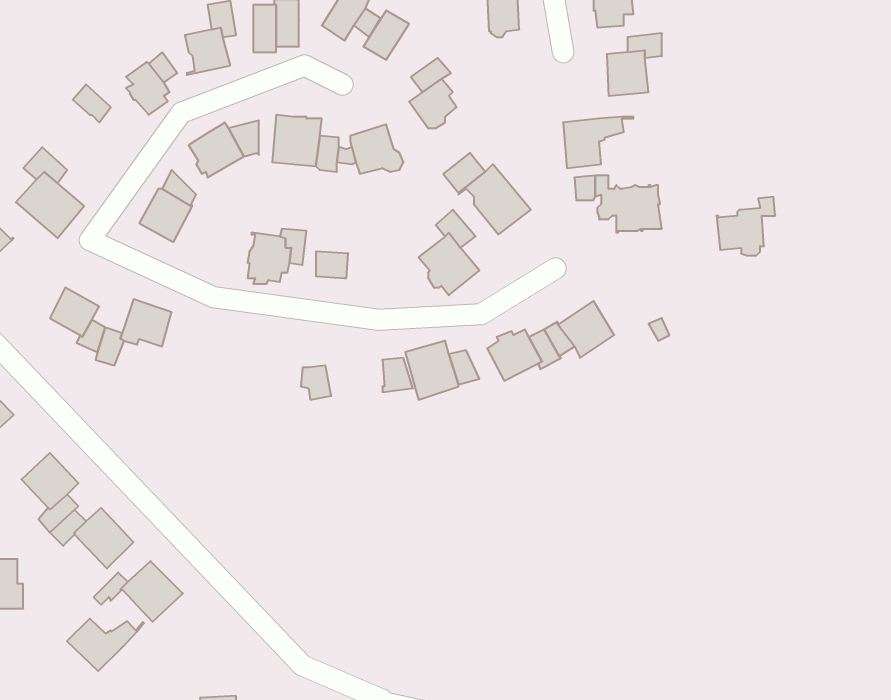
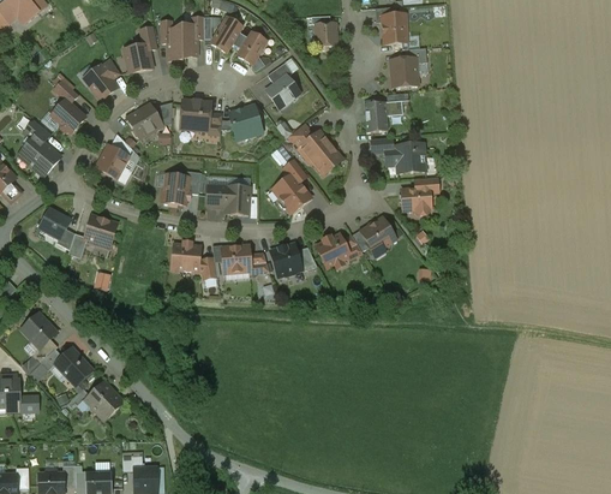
building: none -> [50,99,84,132]
building: [716,197,775,256] -> [400,177,437,214]
building: none -> [224,186,248,214]
building: none -> [170,242,199,270]
building: none -> [221,245,250,273]
building: [67,619,144,671] -> none

